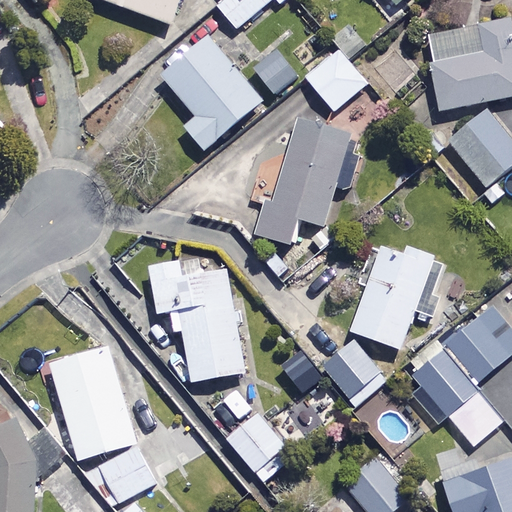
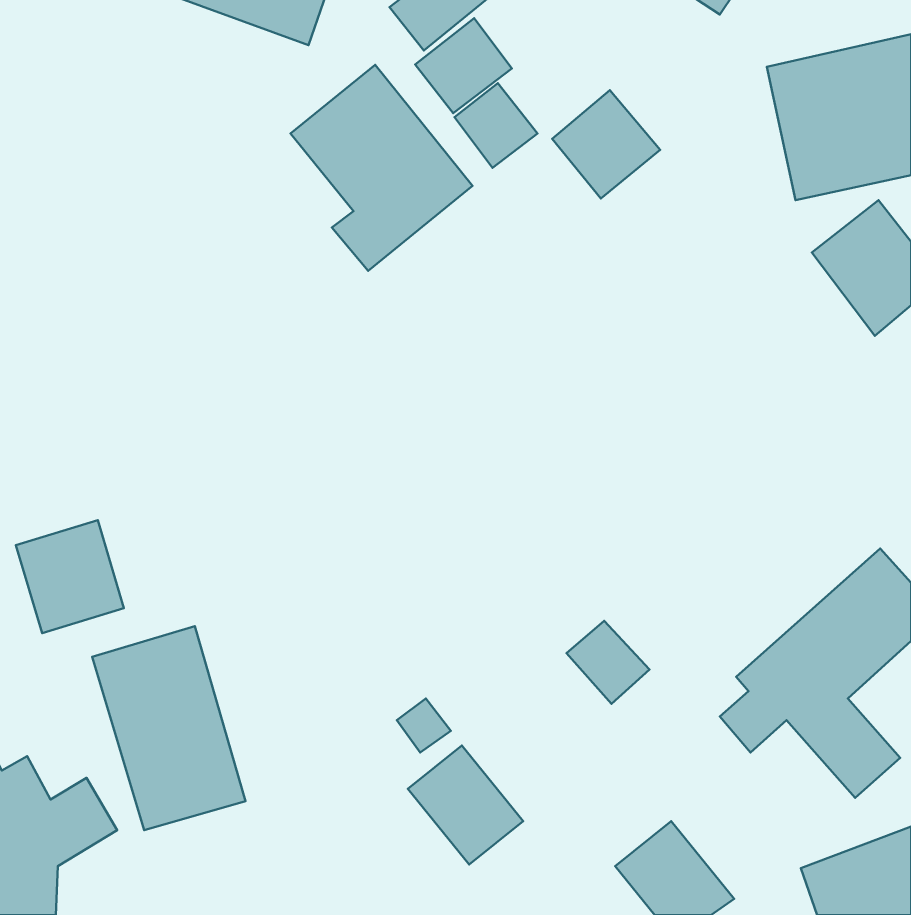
building: none -> [415,18,512,113]
building: [257,119,359,246] -> none
building: [351,243,434,349] -> none
building: [150,258,245,382] -> none
building: none -> [16,520,124,633]
building: [97,448,152,503] -> none

